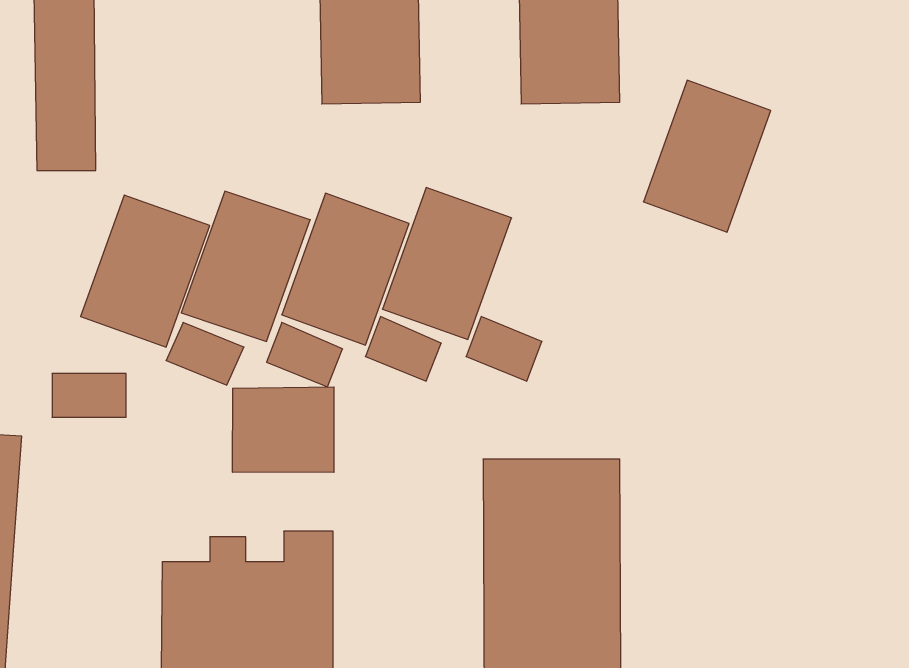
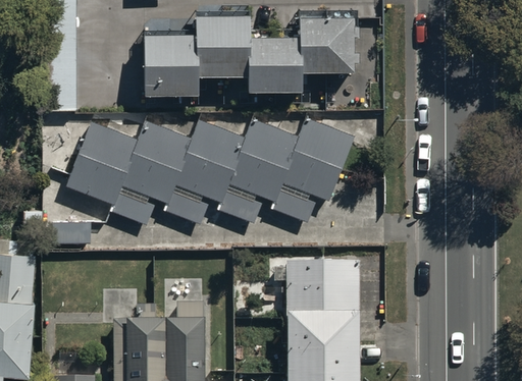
building: none -> [251,35,304,94]
building: none -> [144,36,197,95]
building: [643,80,771,232] -> [285,119,354,201]
building: [233,387,334,472] -> none

